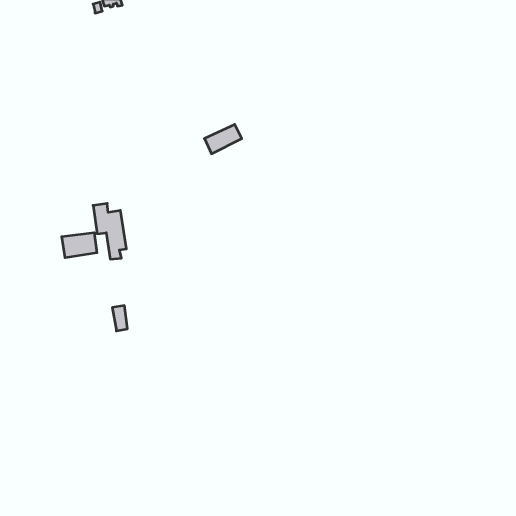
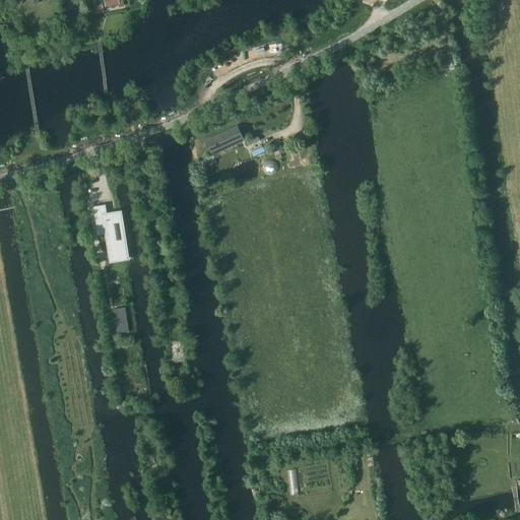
building: [62,233,97,258] -> none

